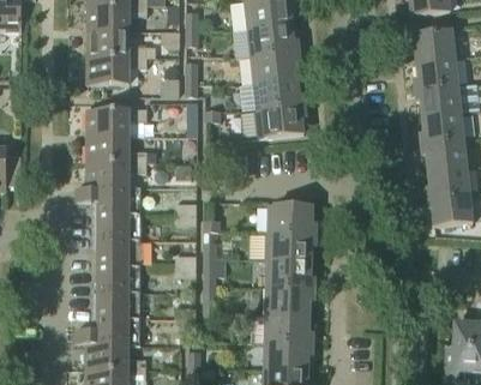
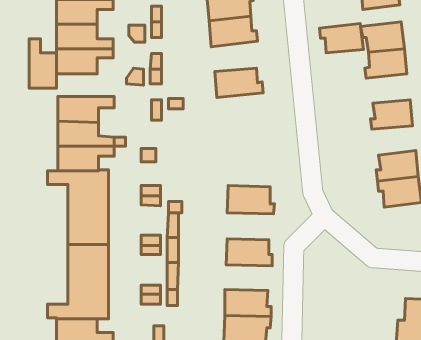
building: none -> [29,39,57,88]
building: [249,49,300,82] -> none
building: [414,84,461,115] -> [319,24,363,53]
building: [255,104,306,138] -> none
building: [420,139,467,170] -> none
building: [266,231,315,260] -> none
building: [264,287,314,314] -> none

